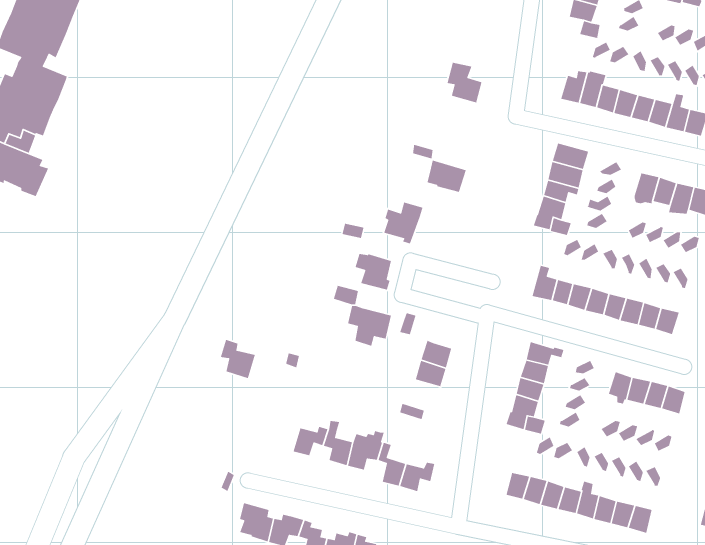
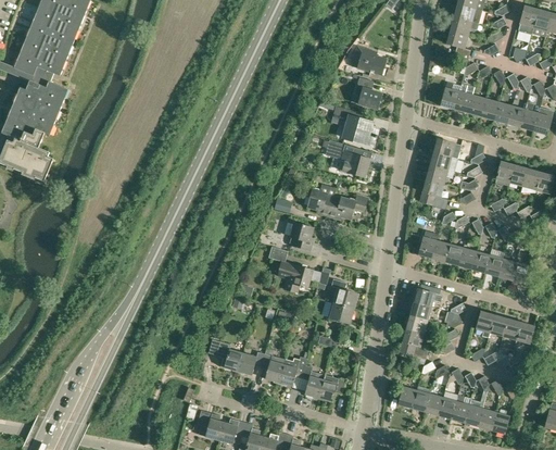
building: none -> [351,46,384,74]
building: none -> [332,105,378,146]
building: none -> [327,193,368,218]
building: [220,339,256,379] -> [216,341,243,372]

